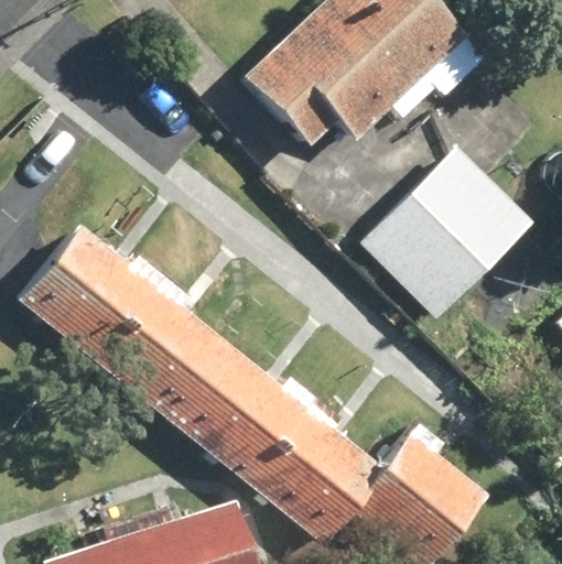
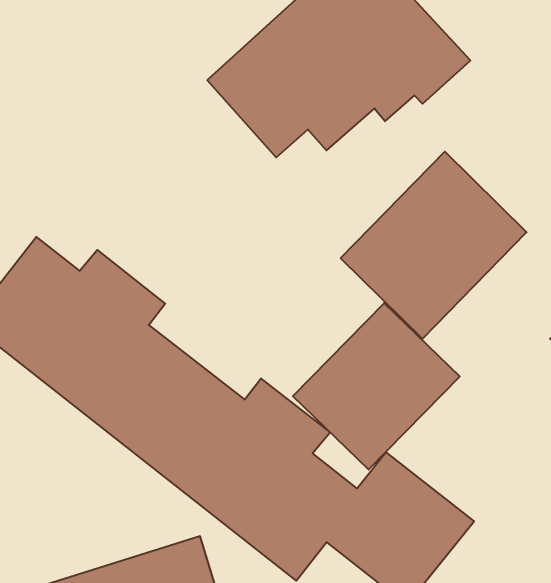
building: none -> [293,303,460,470]

